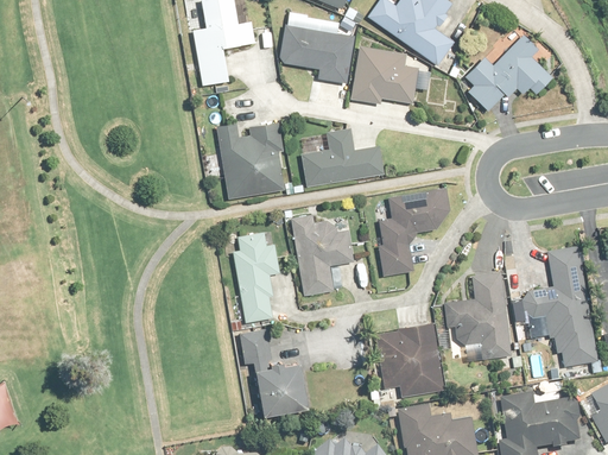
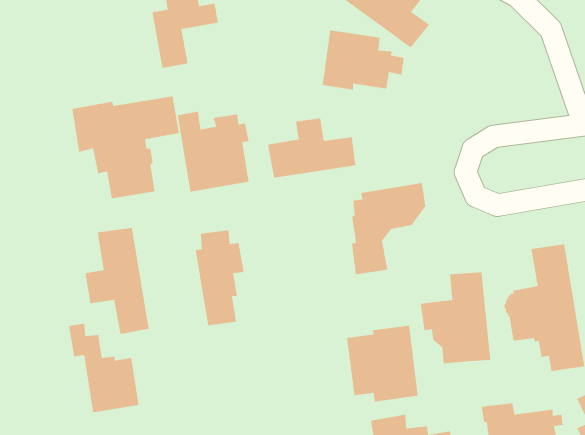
building: [278,25,354,83] -> none
building: [466,34,551,112] -> none
building: none -> [71,96,180,199]
building: [291,215,352,295] -> none
building: none -> [85,227,149,335]
building: [241,330,308,415] -> [68,323,140,413]

